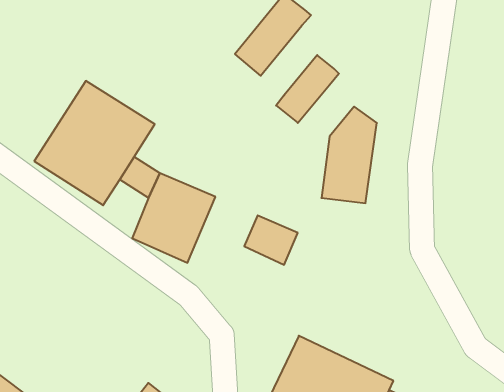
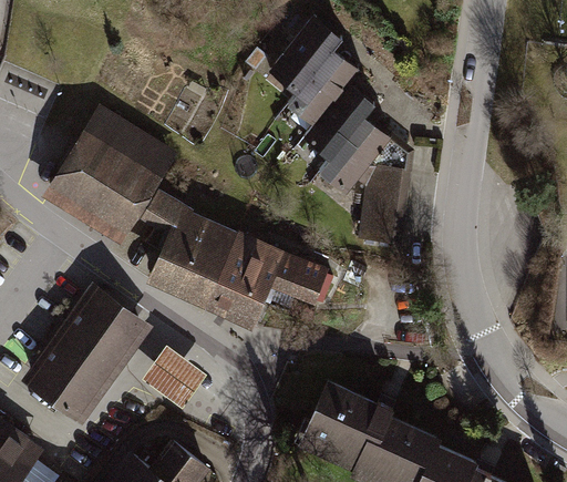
building: none -> [288,50,359,125]
building: none -> [318,114,389,191]
building: none -> [209,235,285,325]
building: none -> [22,287,154,428]
building: none -> [140,343,204,406]

